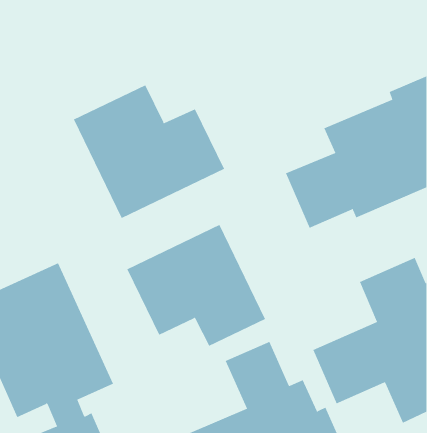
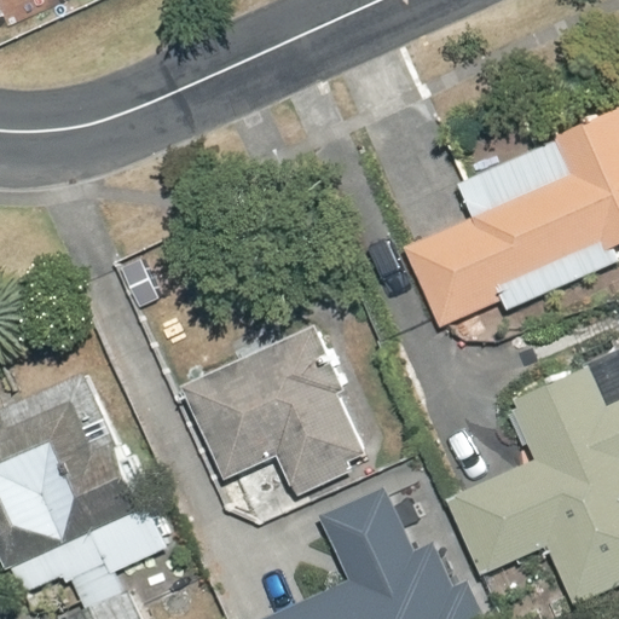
building: [73,85,225,219] -> none

